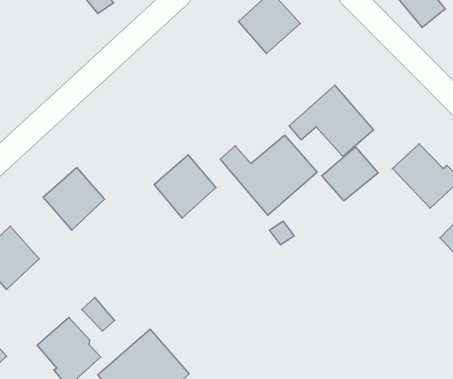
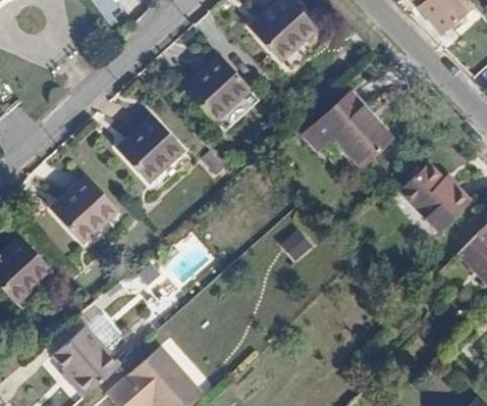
building: none -> [186,58,249,121]
building: [220,135,317,215] -> none
building: [322,147,378,201] -> none
building: [154,155,216,218] -> [119,117,182,183]

